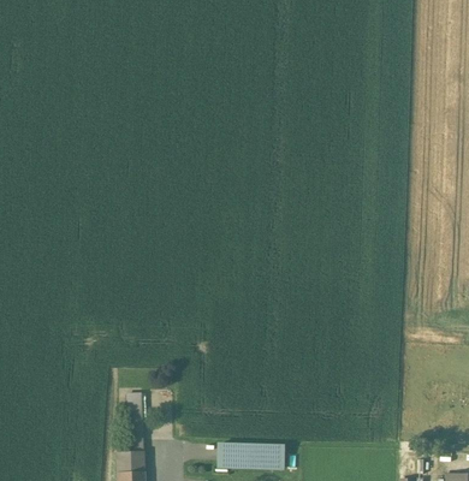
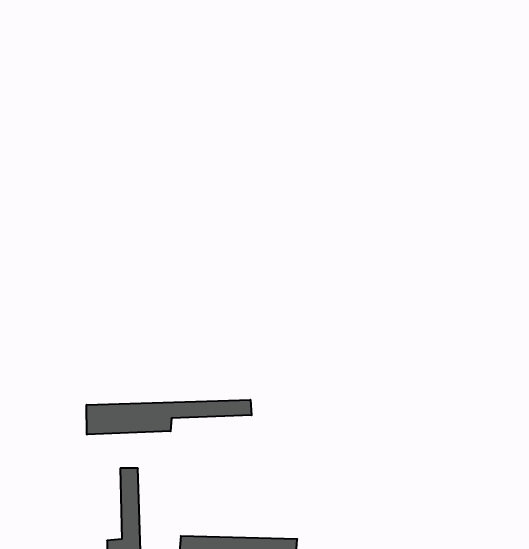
building: none -> [87,400,252,435]

